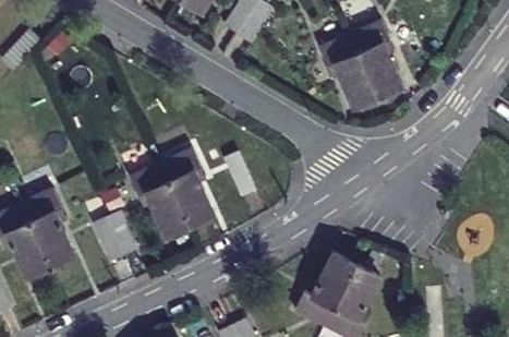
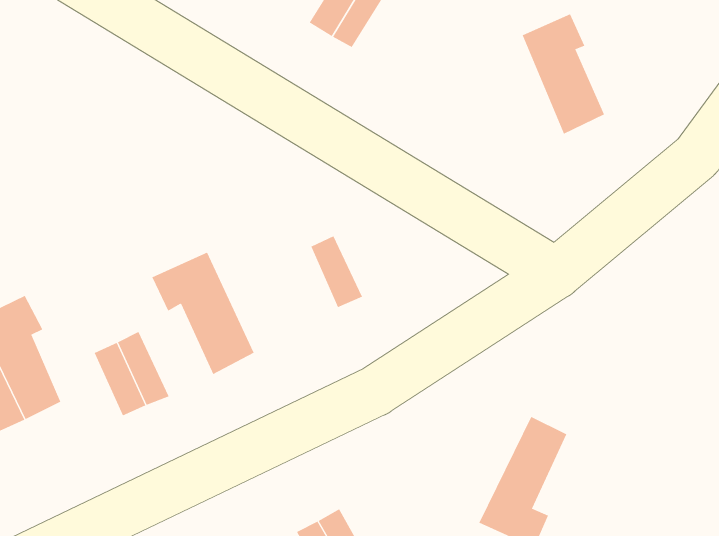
building: [318,33,376,104] -> none
building: [161,149,211,225] -> none
building: [294,252,356,327] -> none

